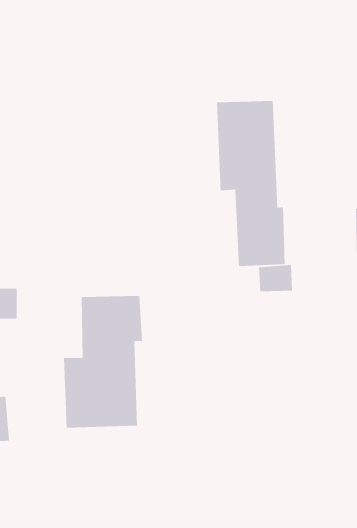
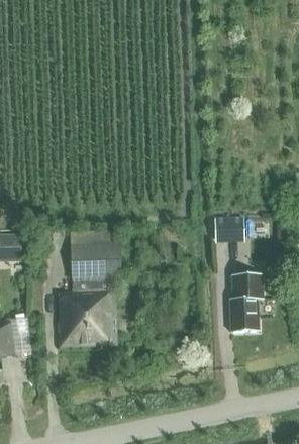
building: [217,100,285,267] -> none
building: none -> [229,272,263,331]

